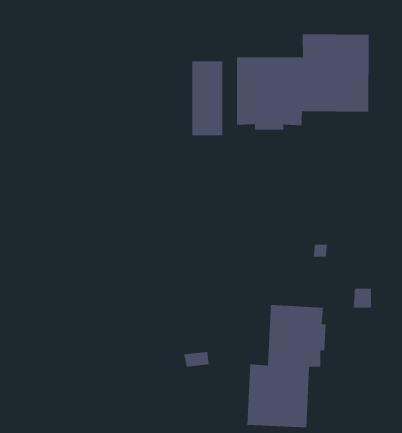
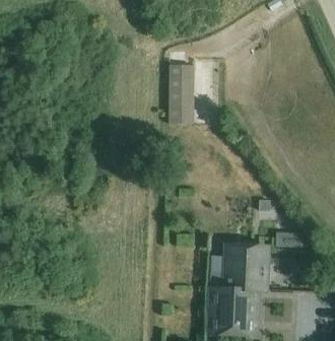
building: [236,34,369,130] -> none

